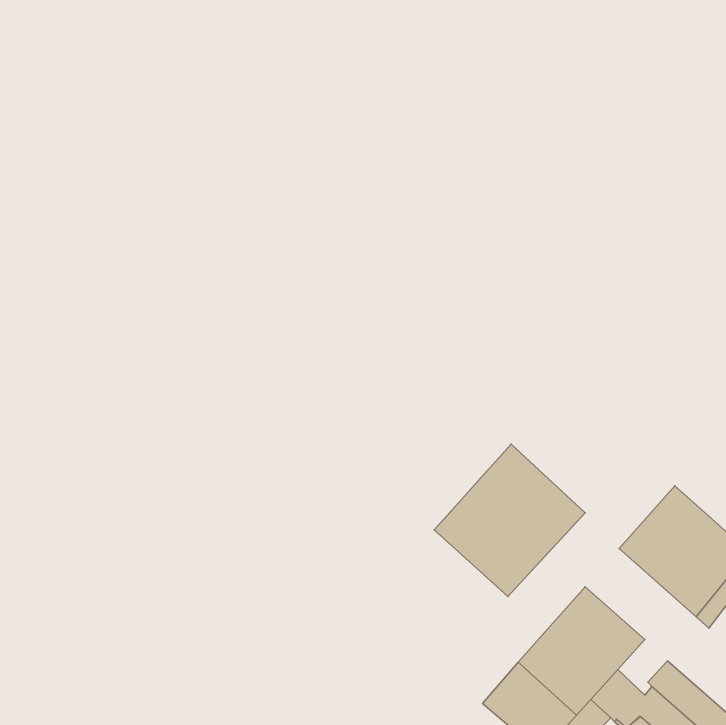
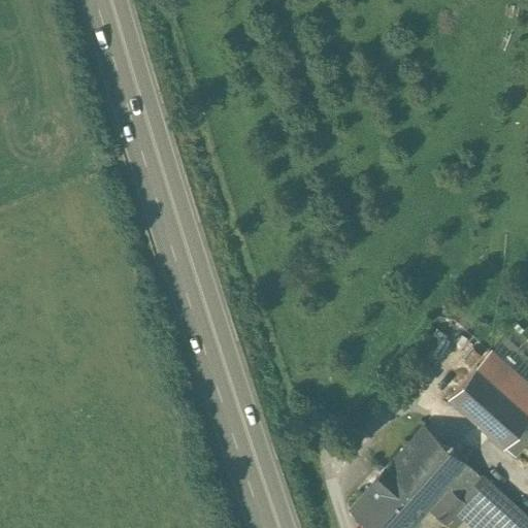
building: [434,444,585,597] -> none
building: none -> [449,465,485,505]

